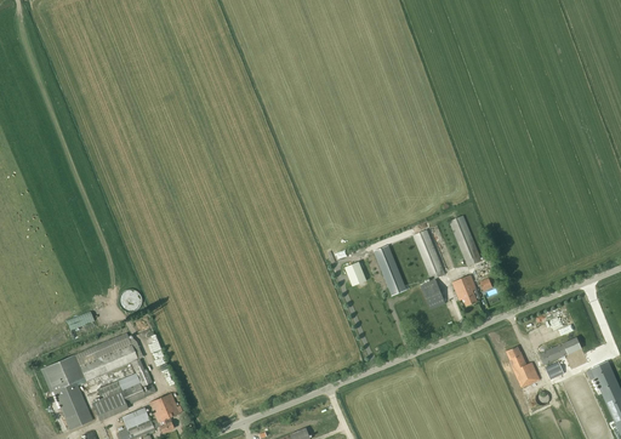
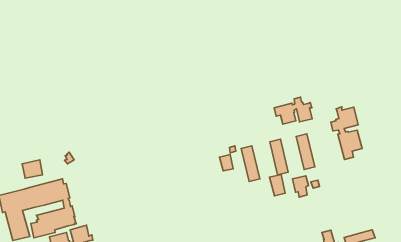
building: none -> [274,97,312,124]
building: none -> [331,107,362,159]

